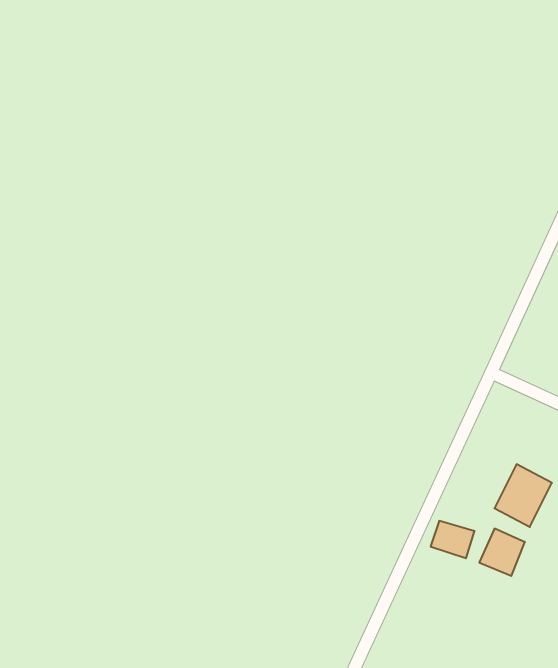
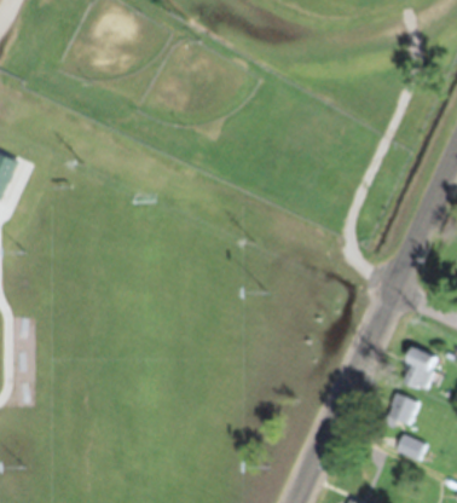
building: [431,521,475,558] -> [394,433,426,459]

